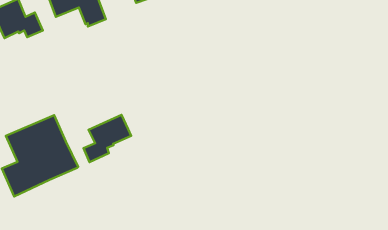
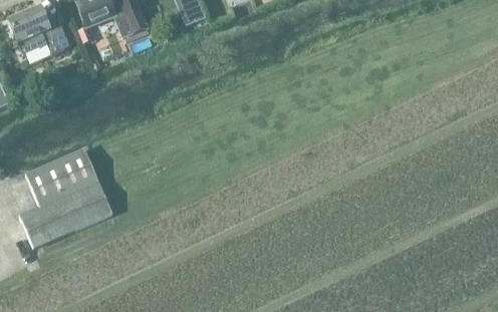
building: [84,115,131,162] -> none

